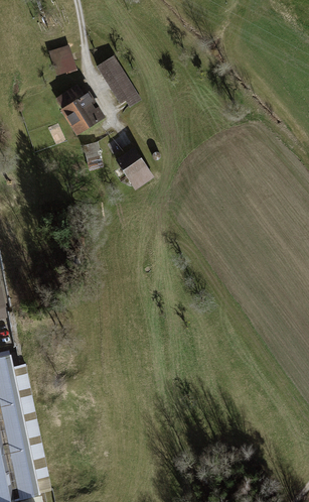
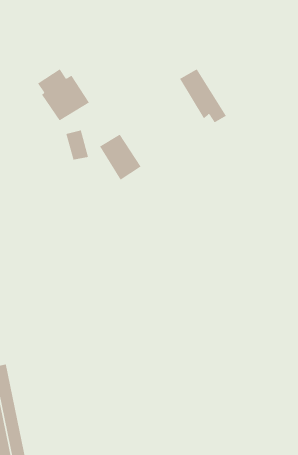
building: [48,44,75,76] -> none
building: [96,55,141,108] -> [179,68,227,123]

